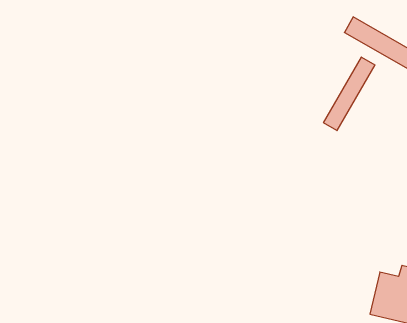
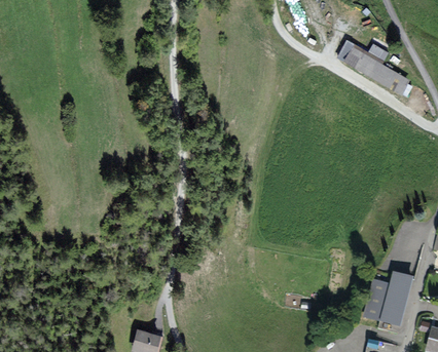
building: [324,57,375,131] -> none

